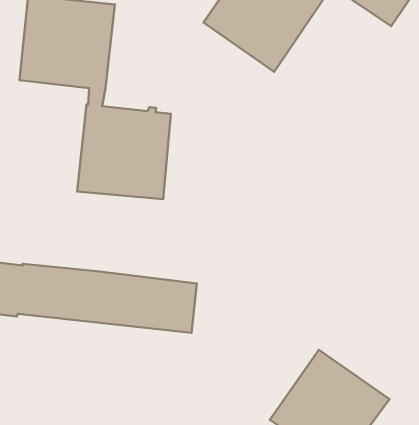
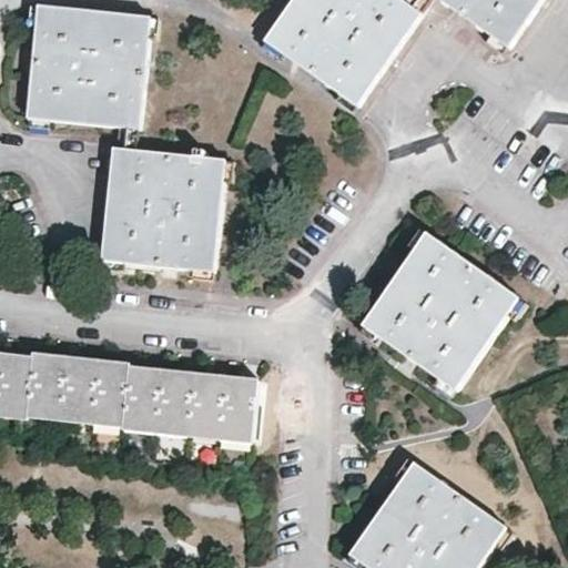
building: none -> [364,234,516,387]

